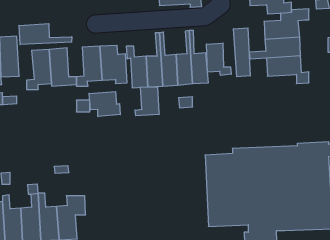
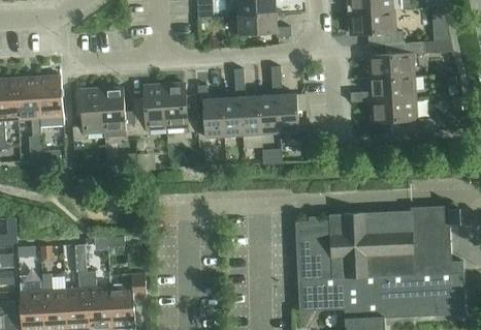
building: [19,24,72,45] -> none
building: [234,28,250,77] -> none
building: [207,43,231,75] -> none
building: [135,87,159,116] -> none
building: [89,92,120,117] -> none

